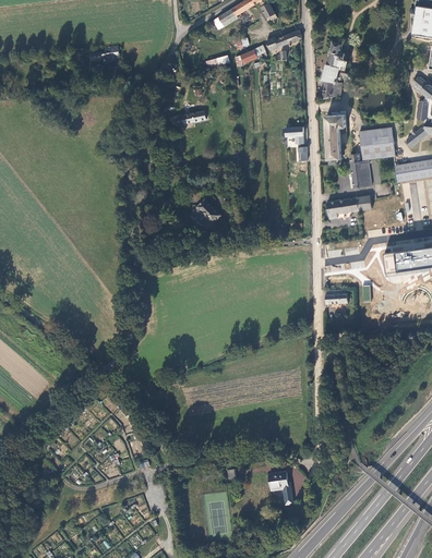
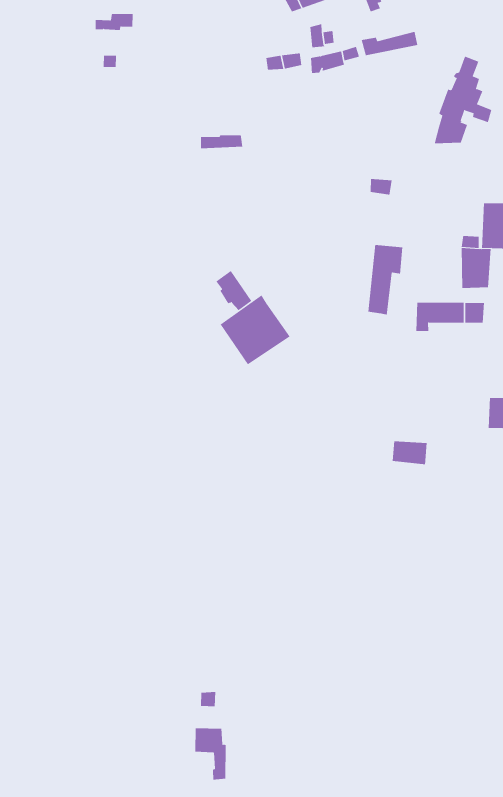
building: [326,113,346,158] -> [367,244,403,315]
building: none -> [220,294,290,365]
building: [268,471,293,505] -> [194,728,226,780]

